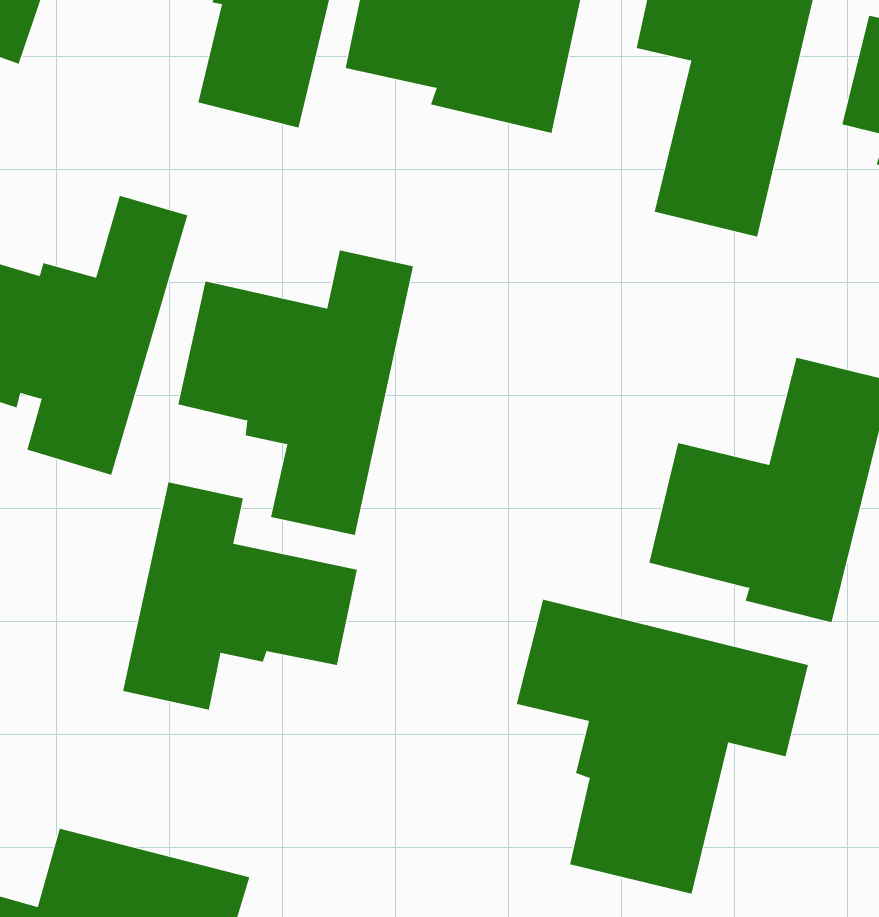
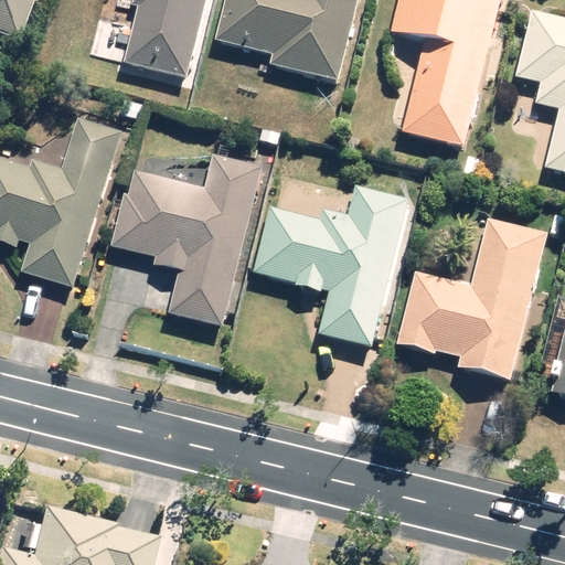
building: none -> [252,185,407,347]
building: [123,482,358,711] -> none
building: [516,599,809,894] -> none

